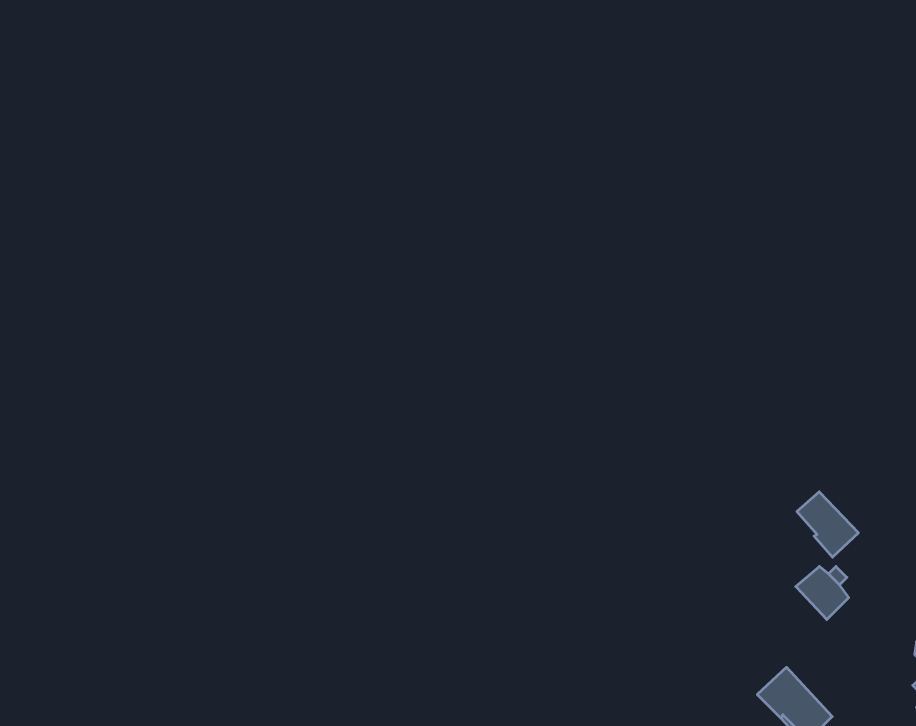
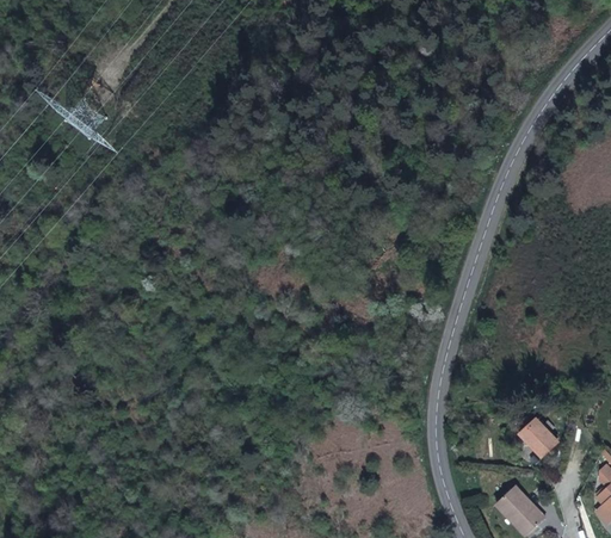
building: [797,492,858,557] -> none

